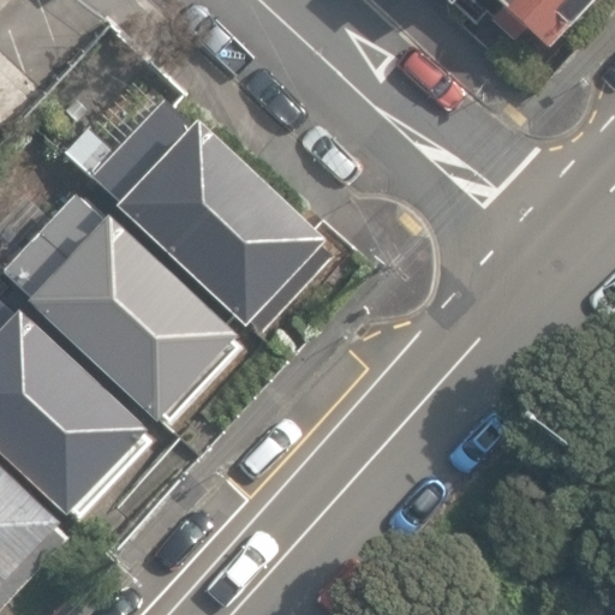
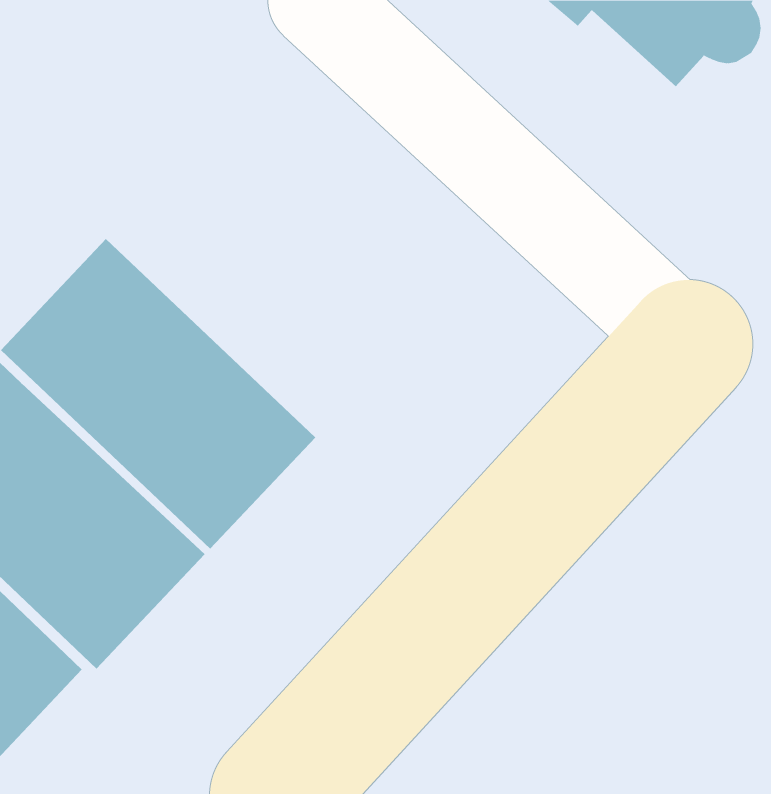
building: [80,86,332,333] -> none

